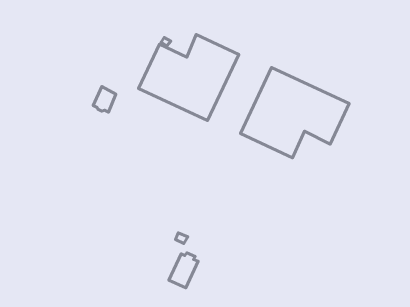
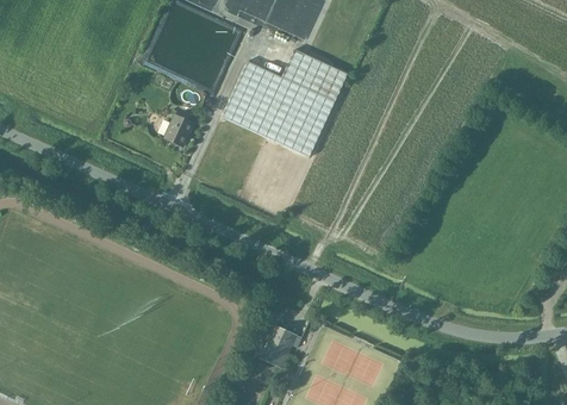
building: [240,67,349,158] -> none

